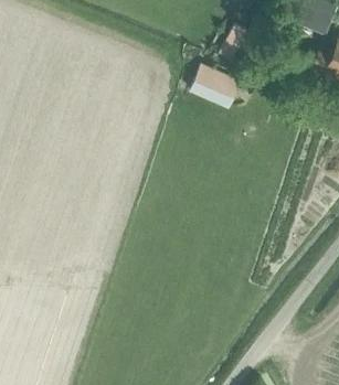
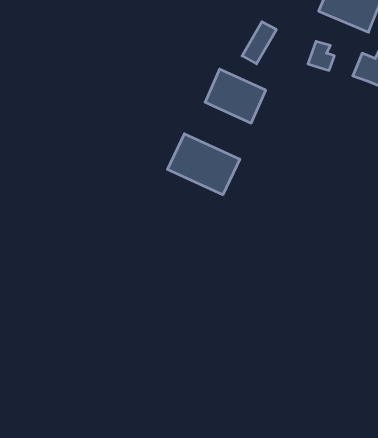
building: none -> [167,134,240,195]

